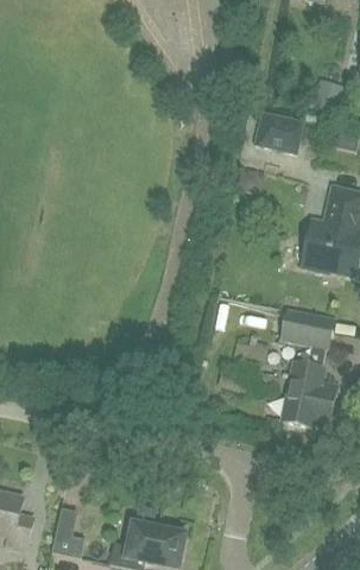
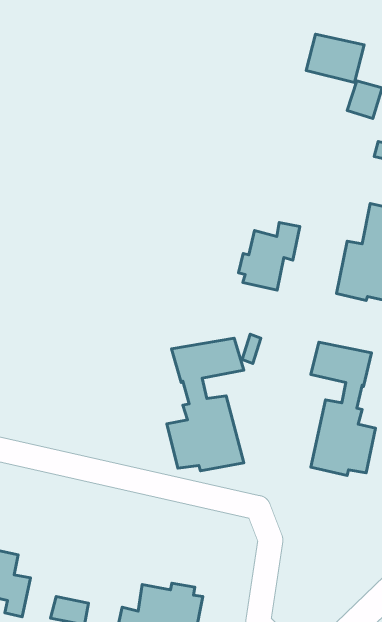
building: [253,110,304,153] -> [306,34,364,83]
building: none -> [238,222,300,290]
building: none -> [167,338,244,471]

